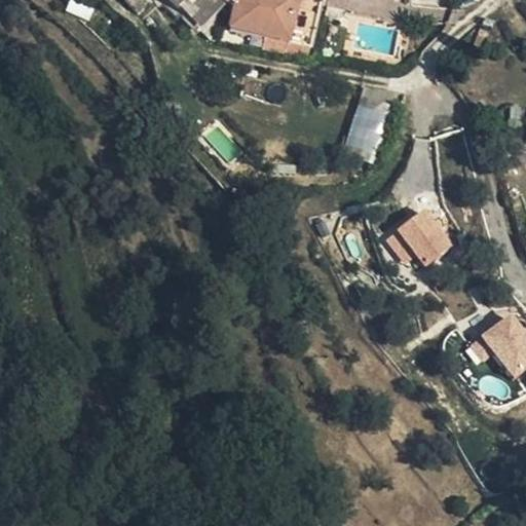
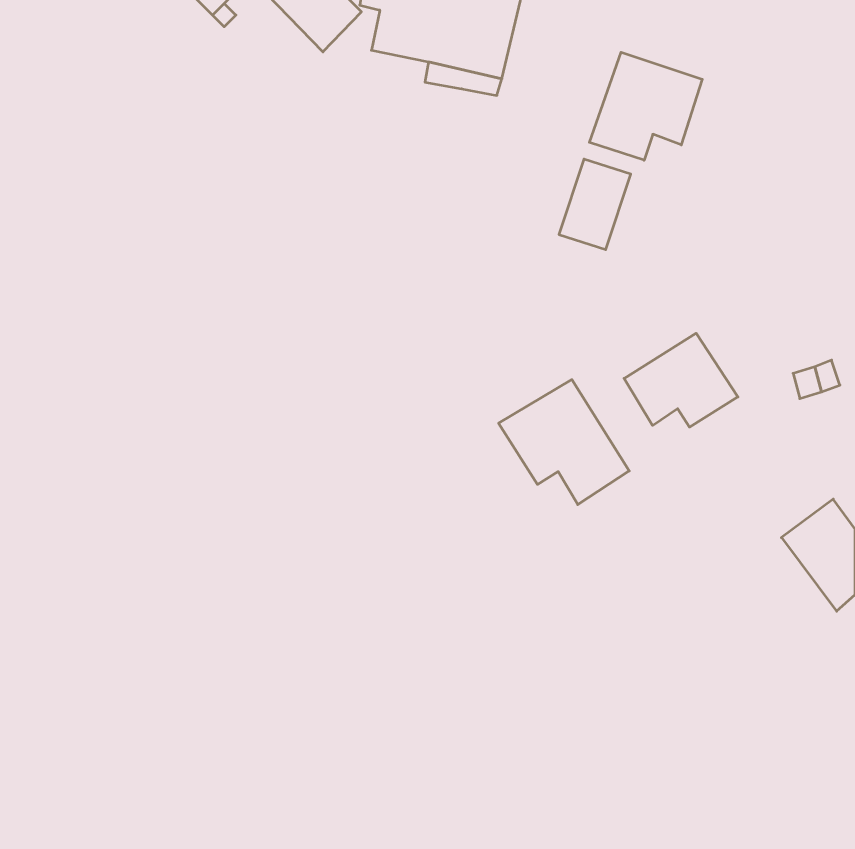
building: none -> [589,52,702,160]
building: none -> [499,380,629,505]

